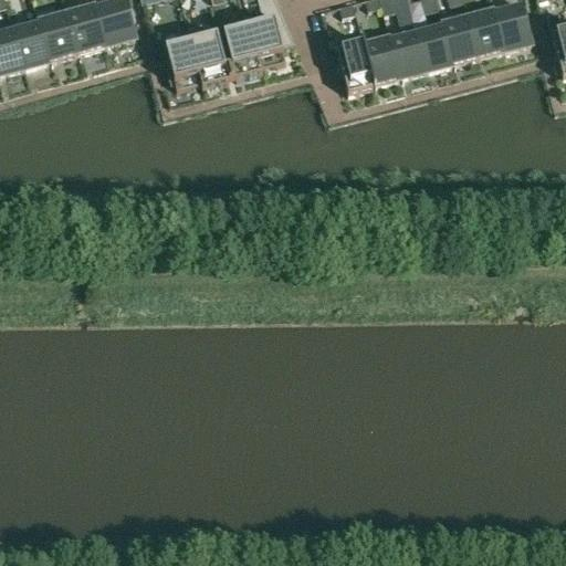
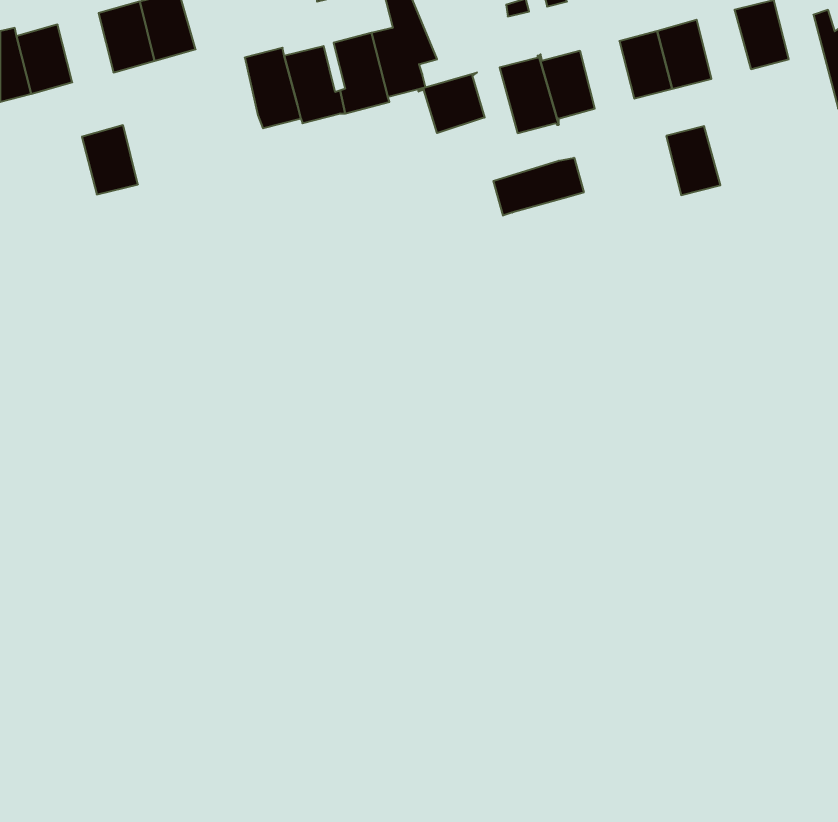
building: [470,7,506,53] -> [666,126,720,195]
building: [40,9,77,55] -> [82,125,138,194]
building: [391,28,428,73] -> none
building: none -> [419,72,485,133]
building: none -> [493,158,584,216]

